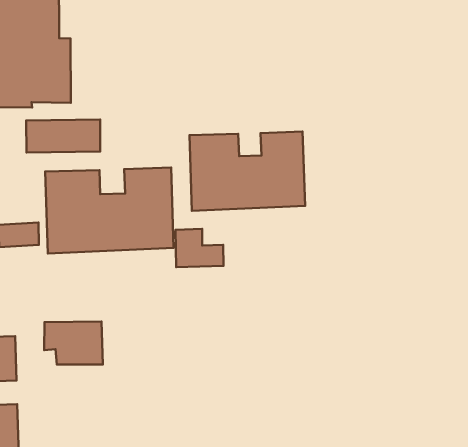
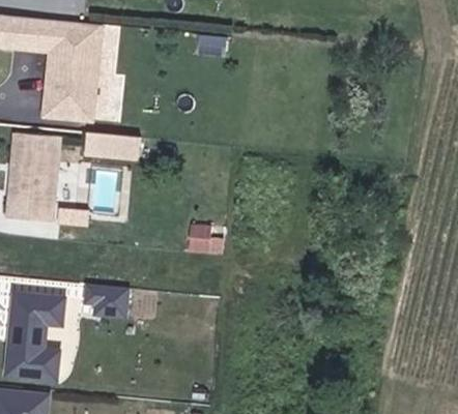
building: [190,132,305,211] -> none
building: [45,168,174,253] -> none

